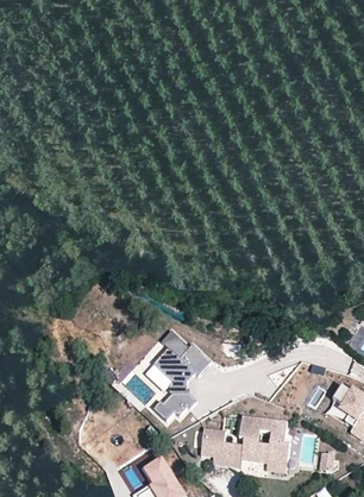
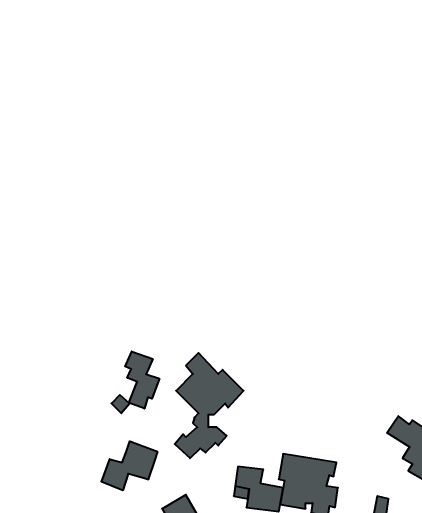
building: none -> [125,351,159,409]
building: none -> [101,441,157,490]

